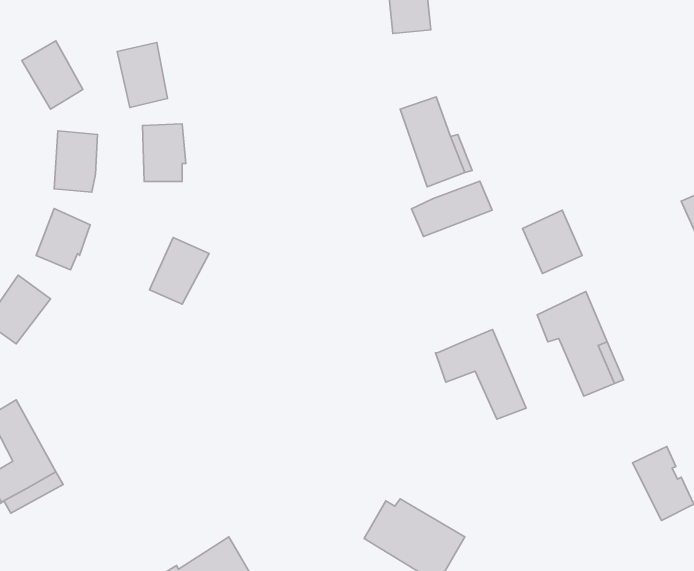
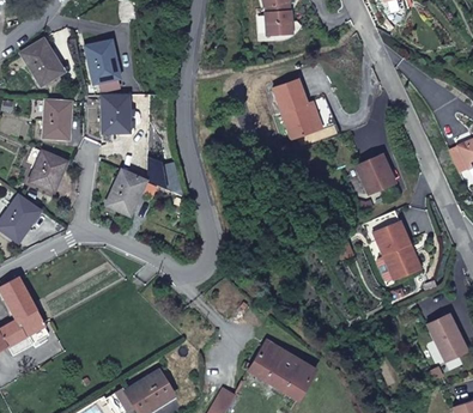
building: [411,181,492,236] -> none
building: [436,329,526,419] -> none

